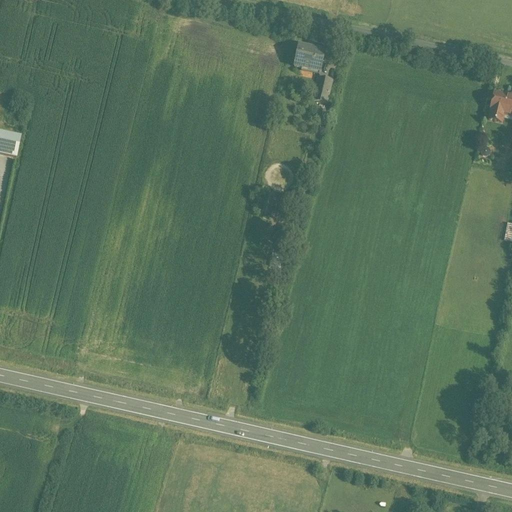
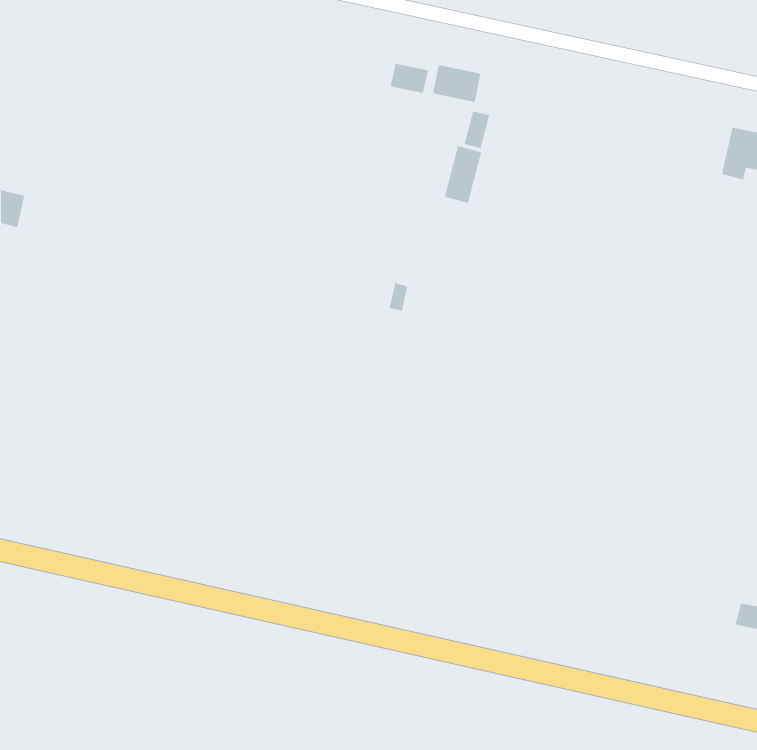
building: none -> [390,63,429,94]
building: none -> [444,145,482,204]

